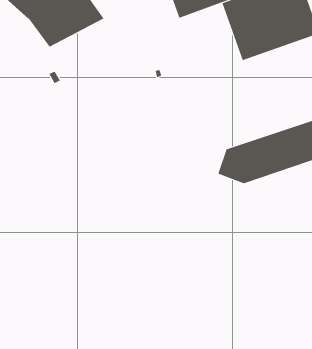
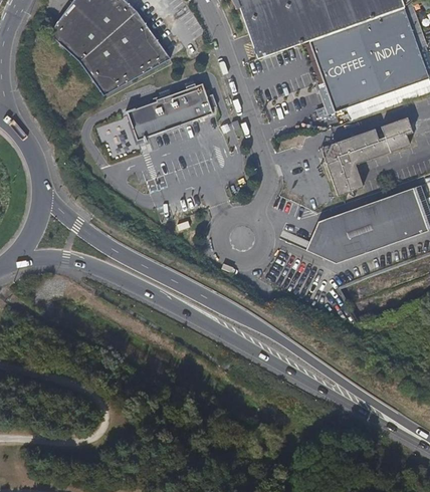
building: none -> [126,84,213,143]
building: none -> [325,115,411,192]

